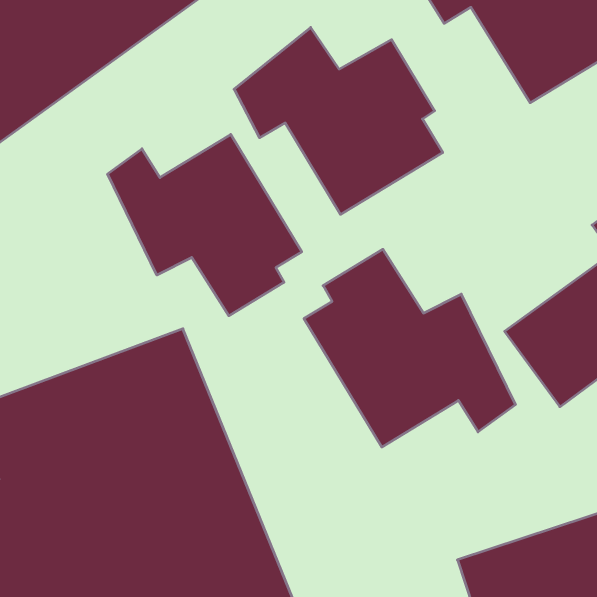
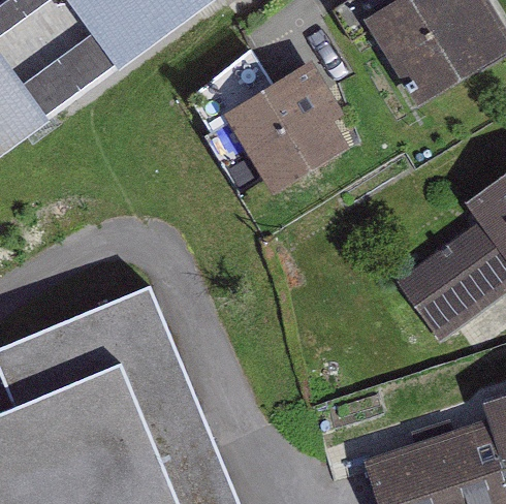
building: [108,134,302,316] -> none
building: [304,249,515,447] -> none

